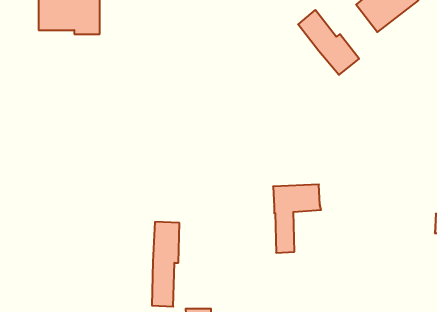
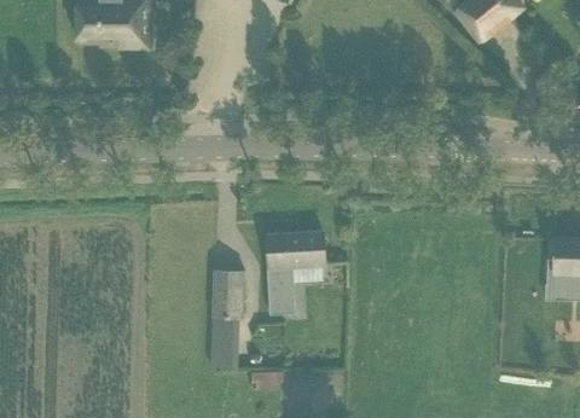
building: [298,10,359,75] -> none
building: [273,184,321,253] -> [267,232,324,313]

